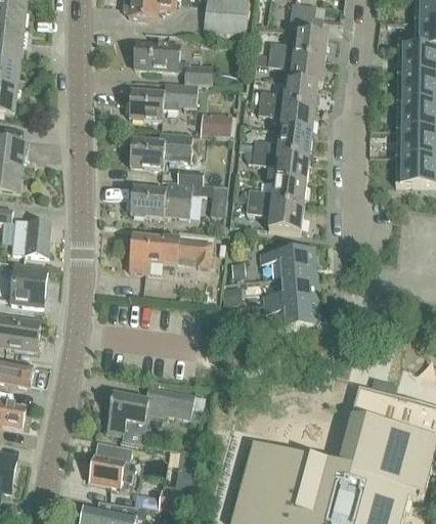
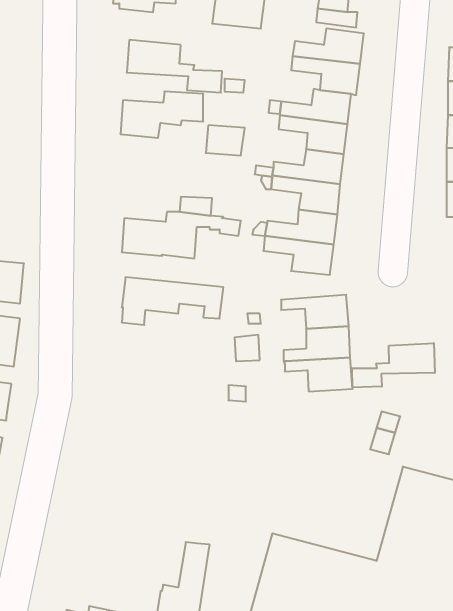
building: [129,132,192,168] -> none
building: none -> [352,343,435,388]
building: [105,389,203,443] -> none
building: [89,441,132,490] -> none

